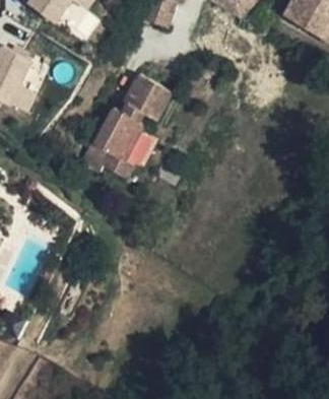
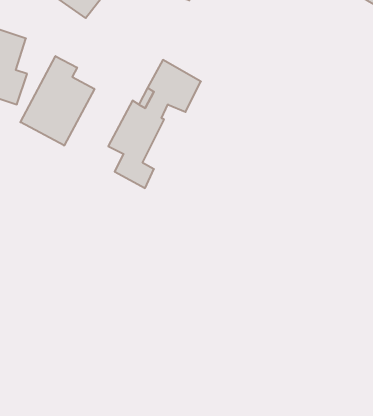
building: none -> [20,56,94,146]

